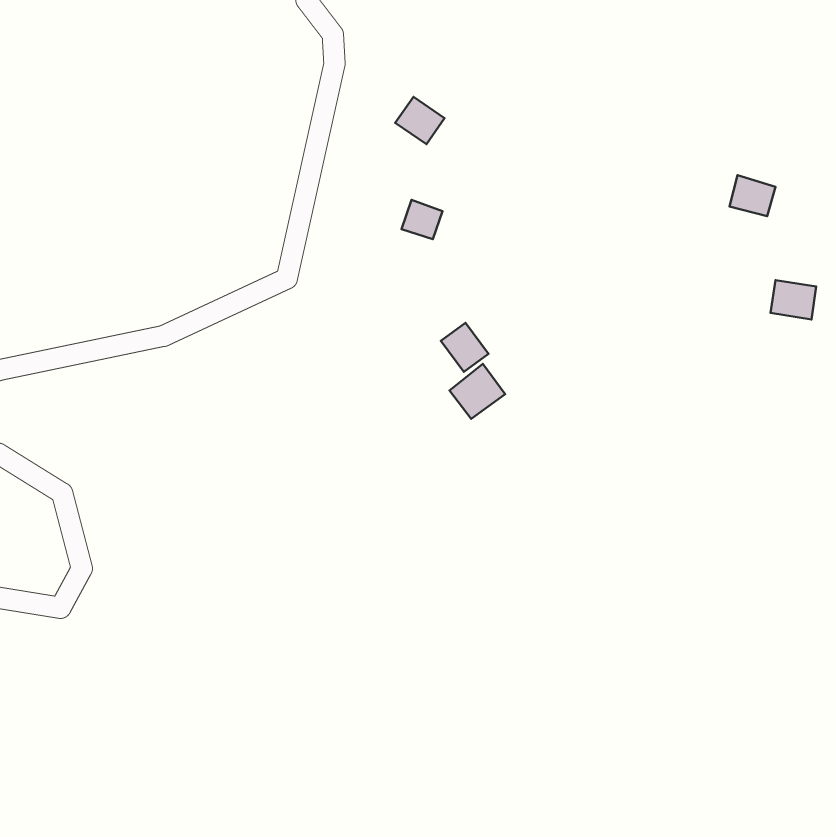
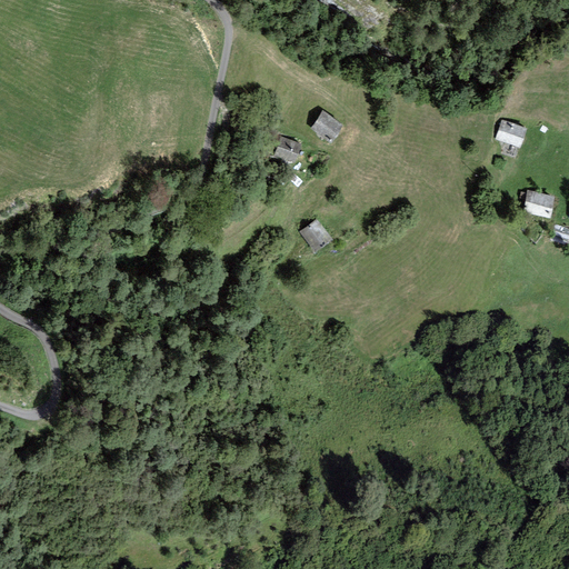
building: [395,97,444,144] -> [309,110,342,142]
building: [449,364,505,419] -> none

